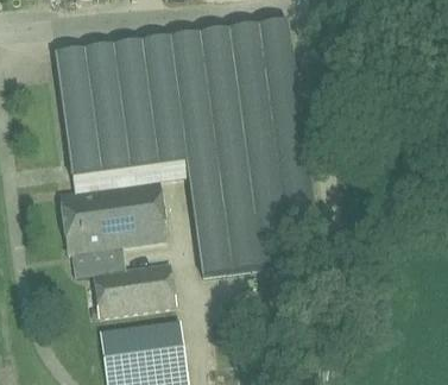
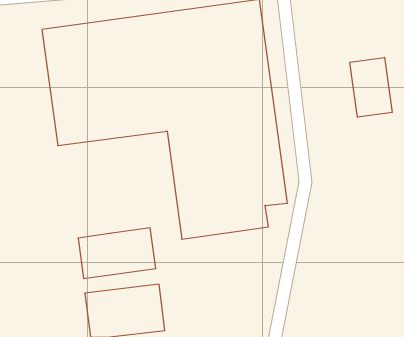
building: none -> [350,57,392,117]
building: [58,181,164,276] -> none

